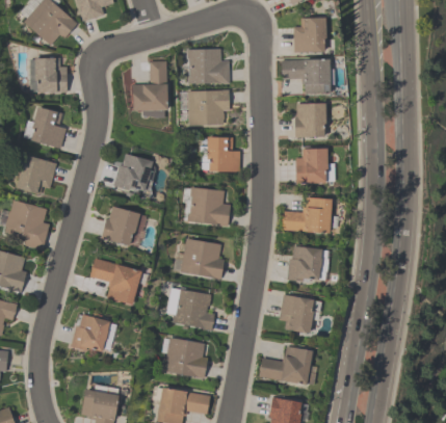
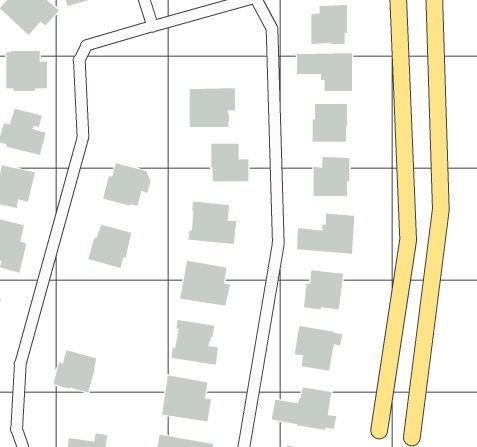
building: [187,49,229,82] -> none
building: [132,60,167,116] -> none
building: [89,258,141,305] -> none

